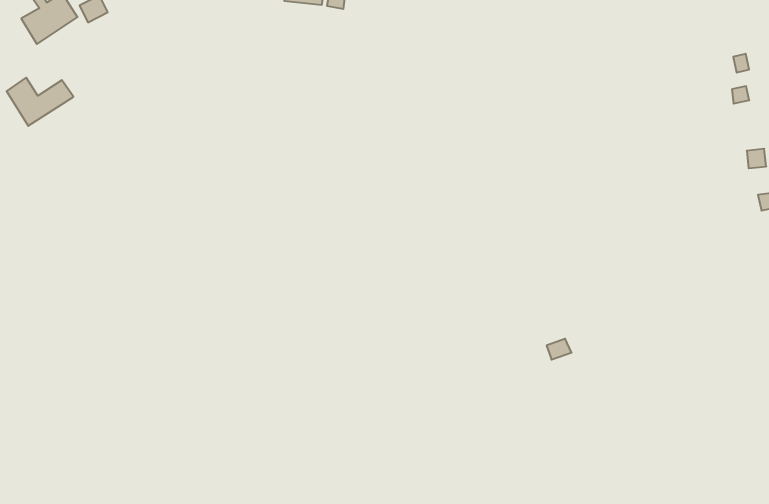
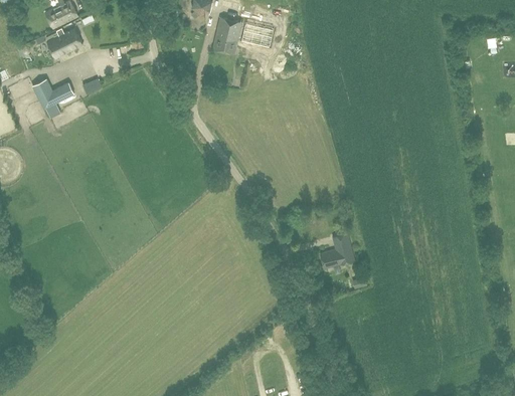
building: none -> [320,232,354,267]

